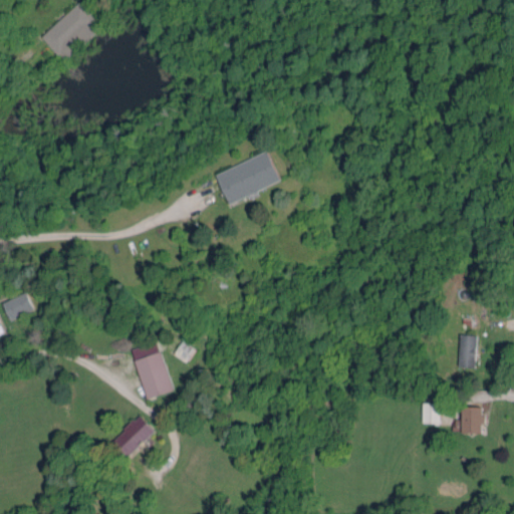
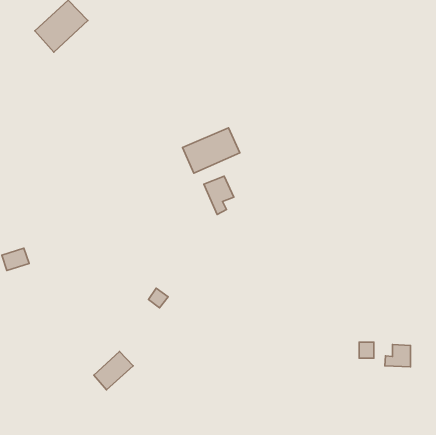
building: none -> [204,176,234,214]
building: [459,335,476,367] -> none
building: [132,341,174,400] -> none

